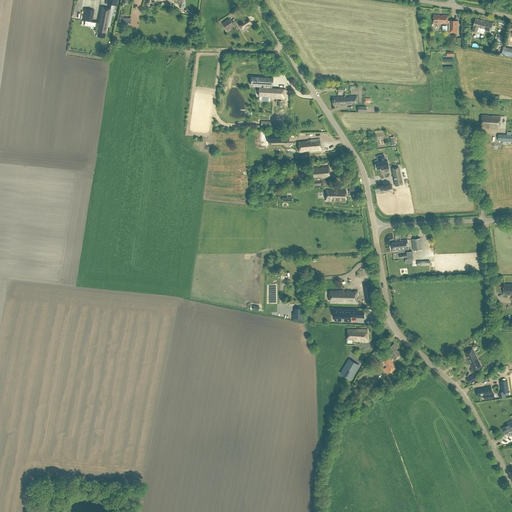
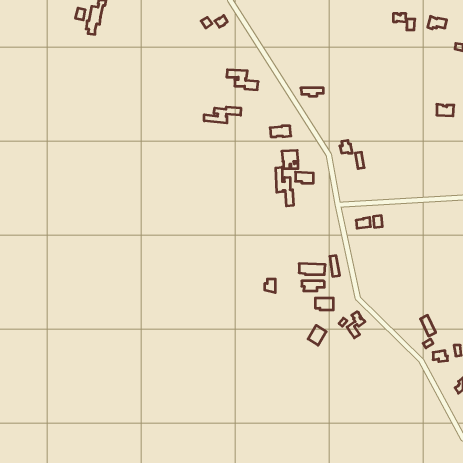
building: none -> [204,107,241,123]
building: none -> [276,167,293,206]

